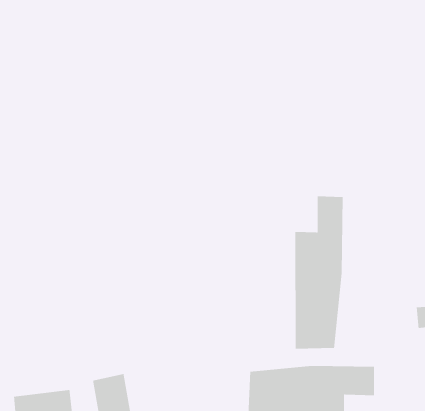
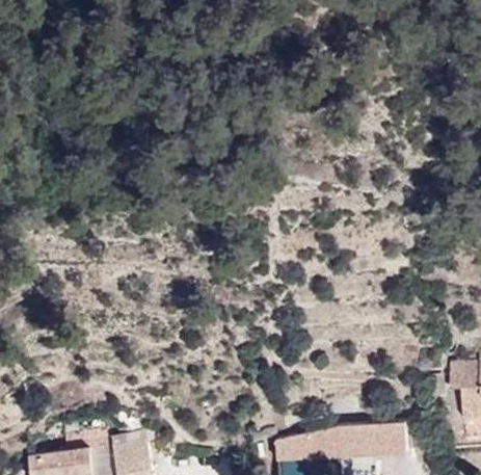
building: [295,195,344,349] -> none

